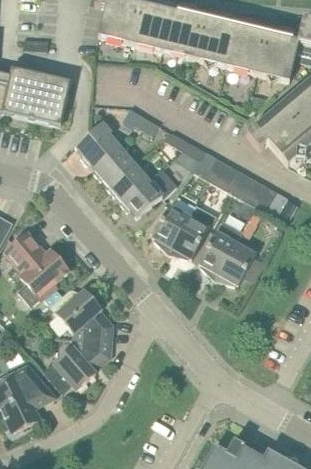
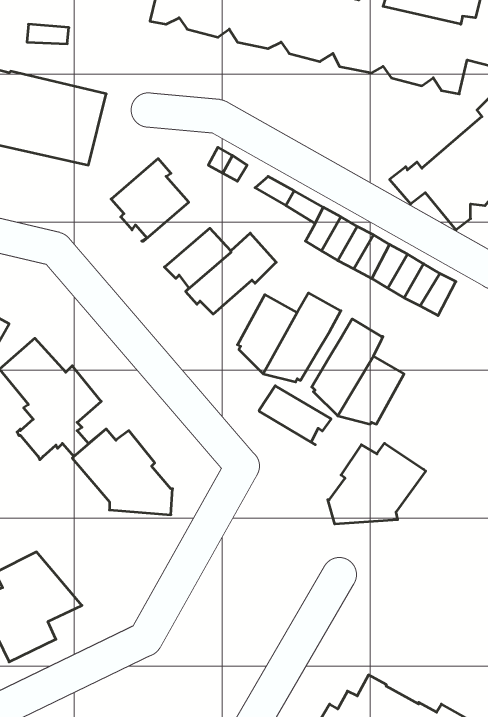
building: [94,148,135,188] -> none
building: none -> [259,386,331,445]
building: none -> [328,443,426,524]
building: [53,338,111,390] -> none

